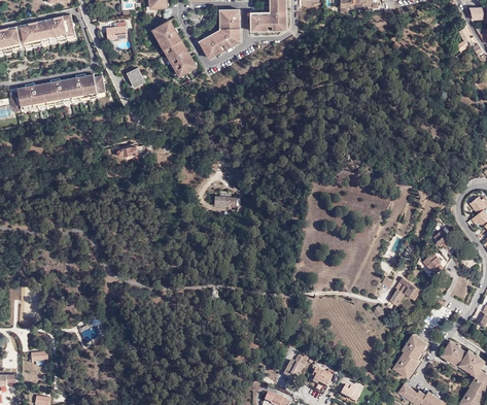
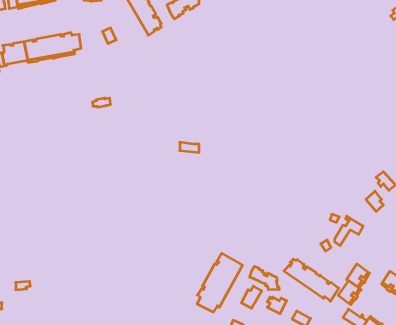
building: none -> [197,253,242,312]
building: none -> [284,259,339,301]
building: none -> [250,266,279,290]

